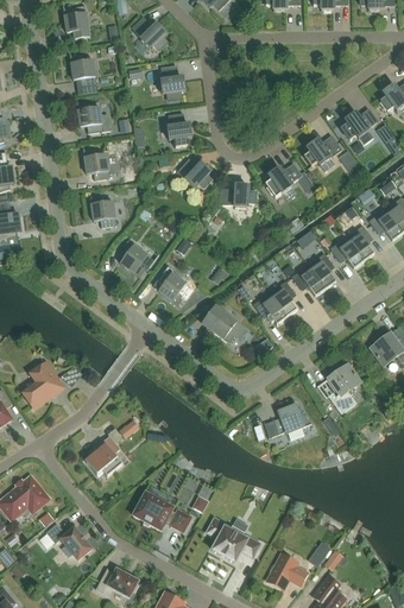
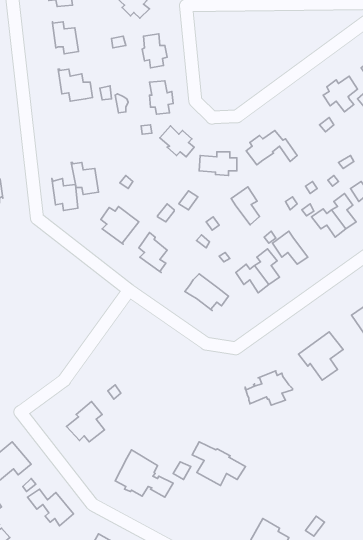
building: [303,135,341,166] -> none
building: [83,147,109,179] -> [52,179,78,211]
building: [308,252,336,290] -> [231,187,260,225]
building: [23,362,63,407] -> none
building: [207,518,260,562] -> [192,442,245,485]

